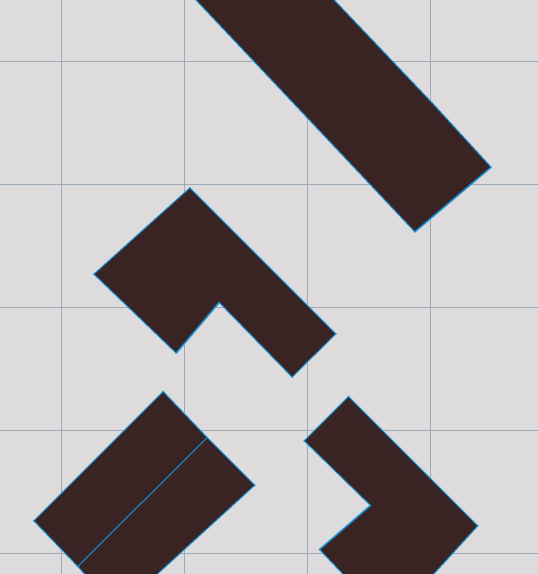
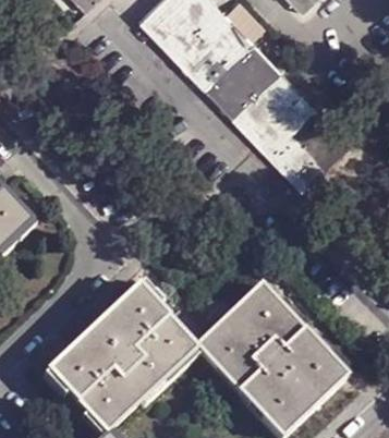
building: [94,188,336,377] -> none
building: none -> [197,320,271,390]

